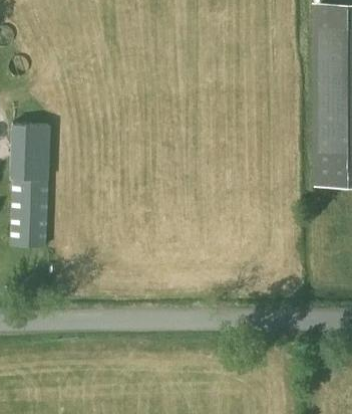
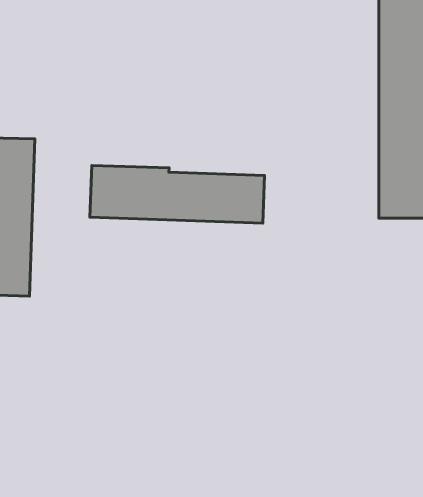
building: none -> [90,166,265,223]

